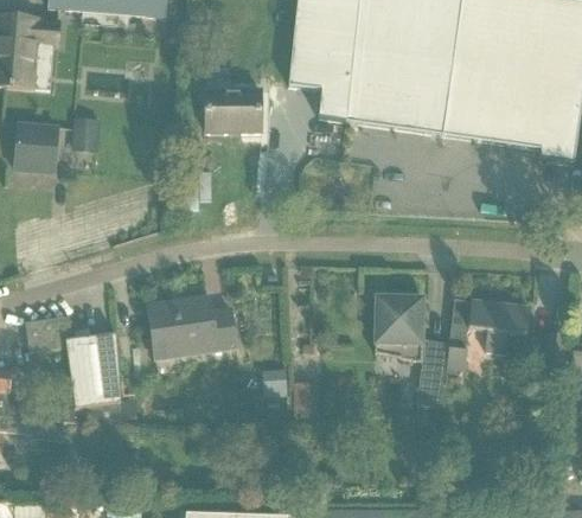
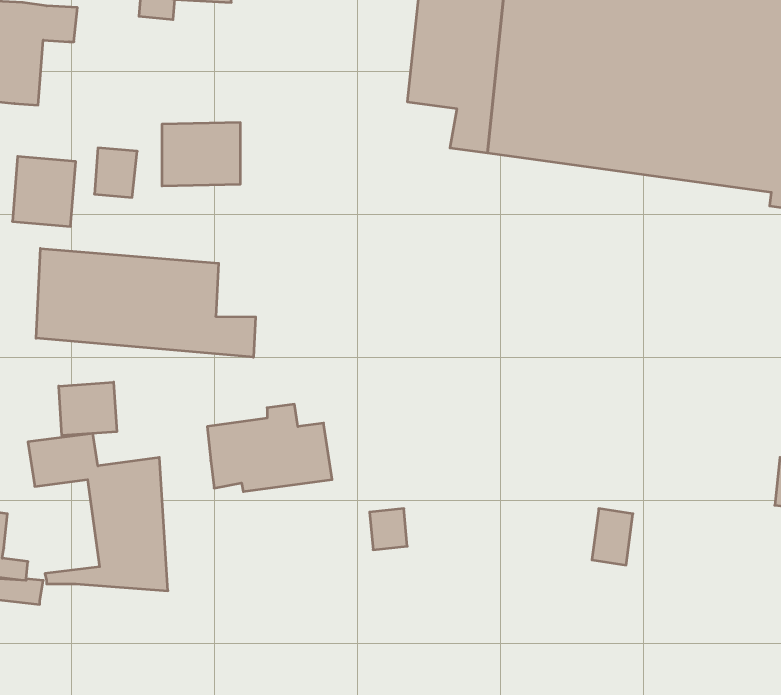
building: [206,88,261,132] -> [162,123,240,186]
building: none -> [36,248,256,357]
building: none -> [59,382,117,436]
building: [375,295,423,360] -> none
building: [446,295,530,369] -> none

